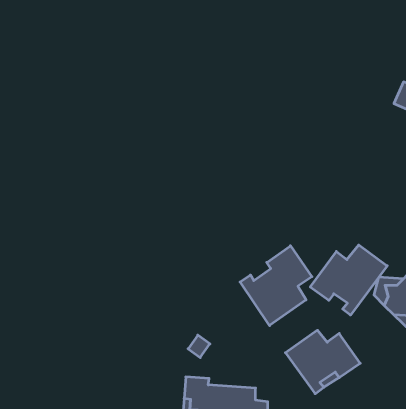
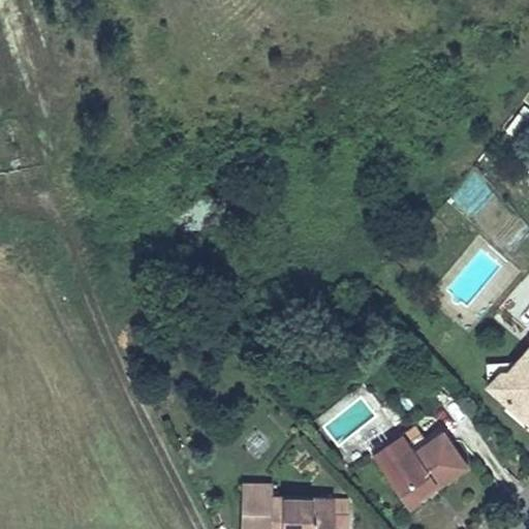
building: [310,245,387,315] -> none
building: [240,246,312,326] -> none

